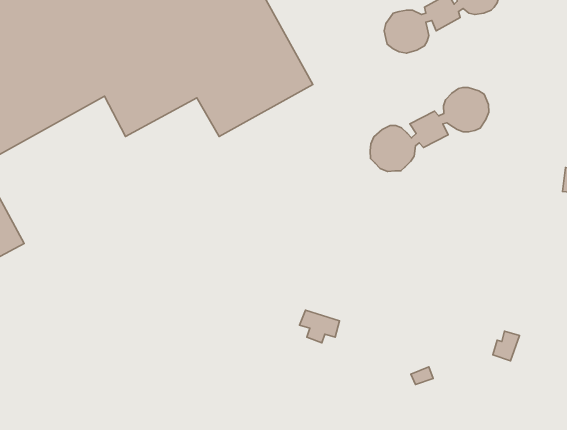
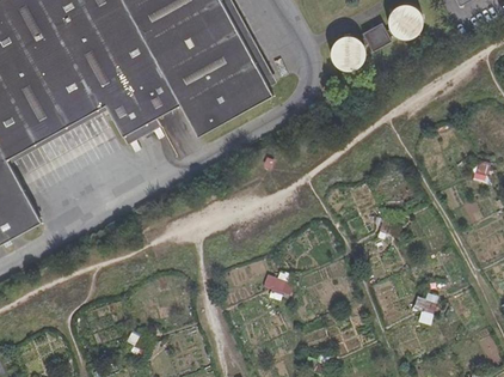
building: [370,88,489,171] -> none

